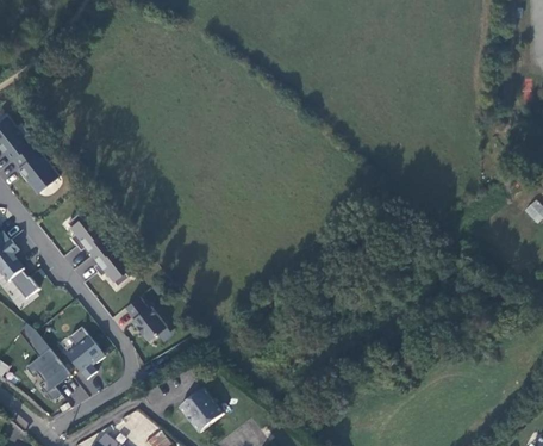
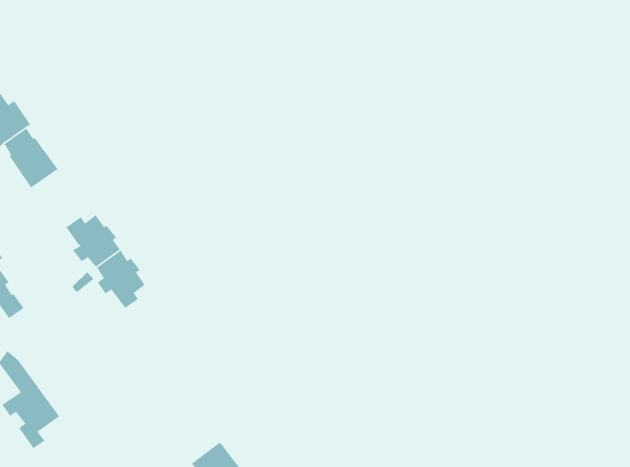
building: [126,296,168,340] -> none
building: [67,327,105,379] -> none

